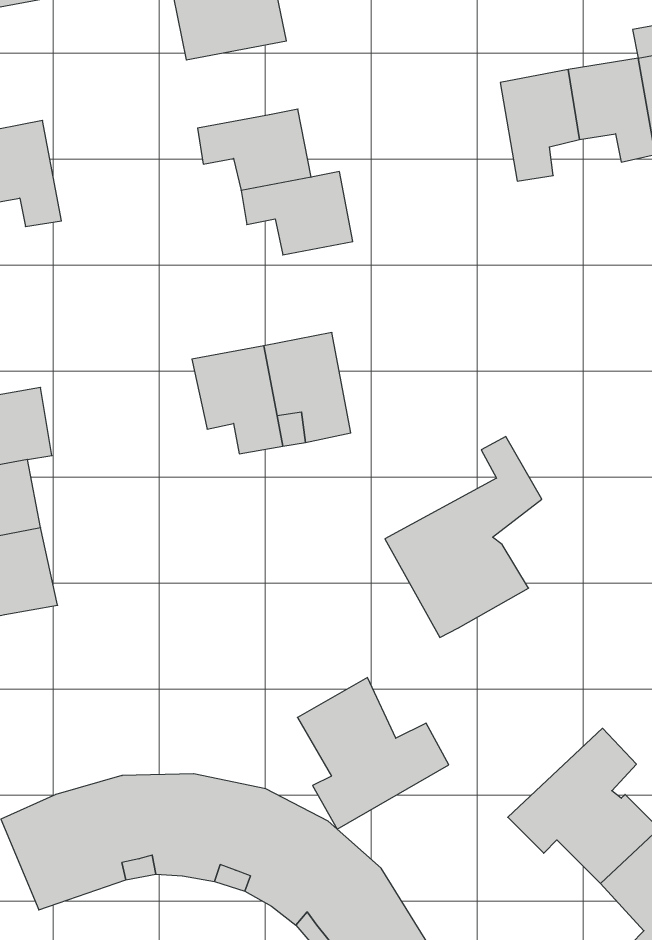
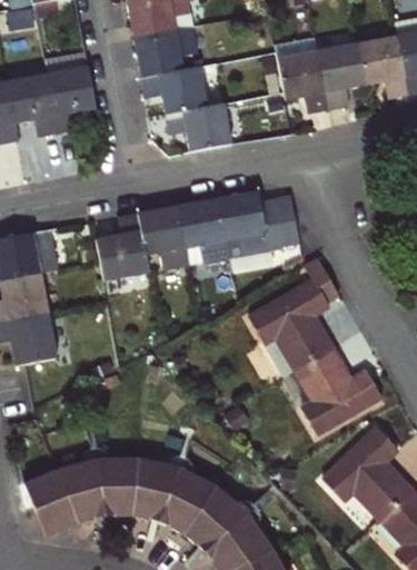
building: none -> [133,26,197,77]
building: none -> [46,49,98,131]
building: none -> [277,50,328,111]
building: none -> [219,190,287,256]
building: none -> [96,213,149,281]
building: [297,678,449,829] -> [294,347,383,436]

